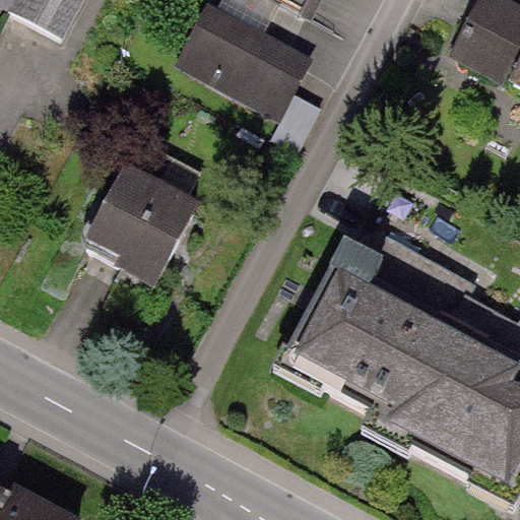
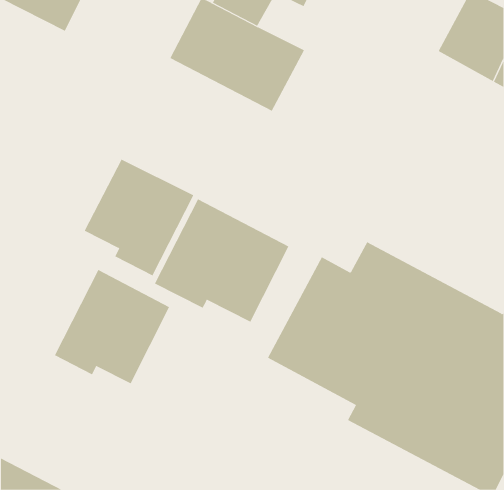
building: none -> [154,199,289,323]
building: none -> [54,269,170,384]

